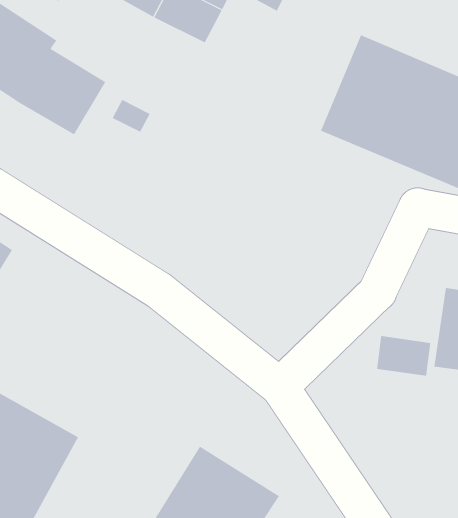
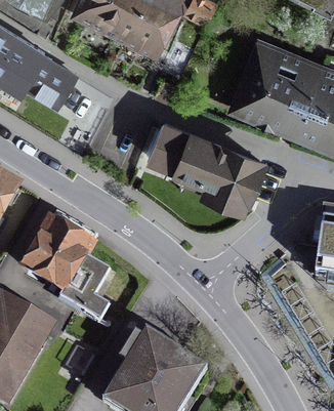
building: none -> [144,112,267,203]
building: none -> [14,208,107,319]
building: [377,335,431,377] -> none

